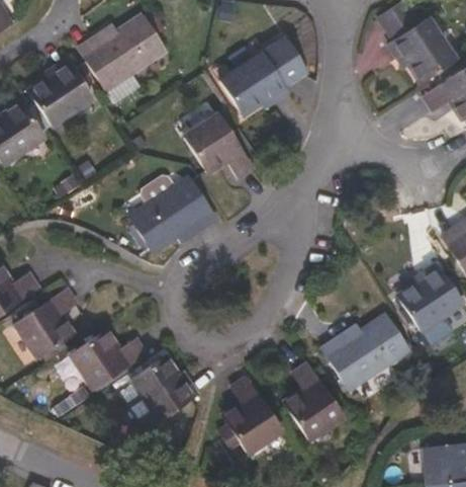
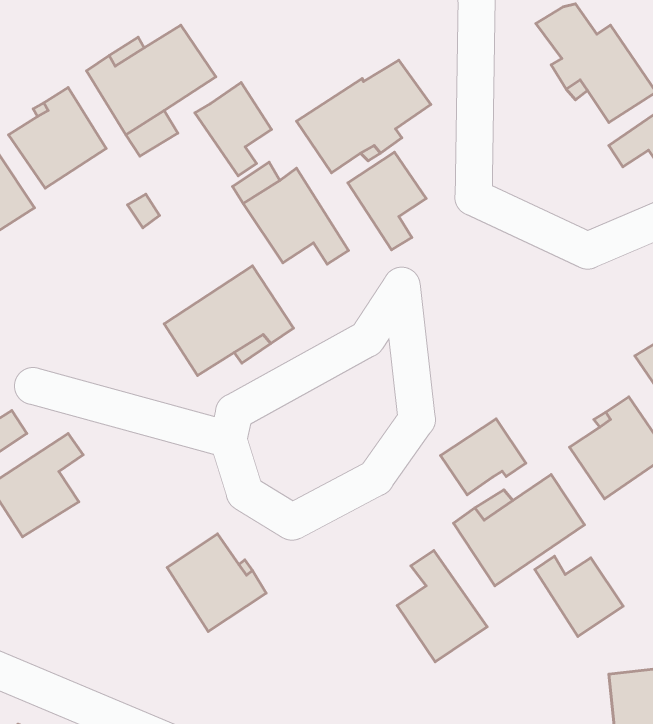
building: none -> [195,82,272,176]
building: none -> [348,152,426,250]
building: none -> [440,419,526,495]
building: [70,330,146,389] -> none
building: none -> [535,556,623,637]
building: [218,377,283,454] -> none

